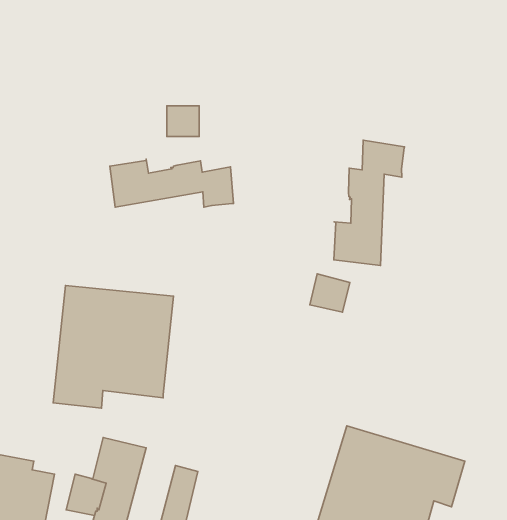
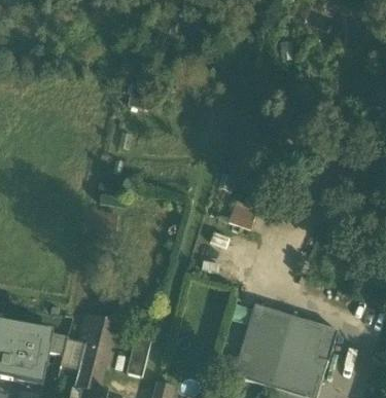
building: [334,140,405,266] -> none
building: [110,159,233,207] -> none
building: [53,285,173,408] -> none

